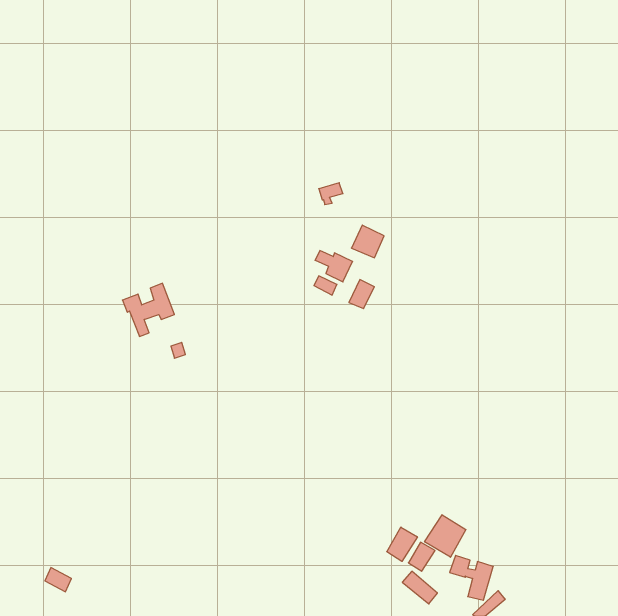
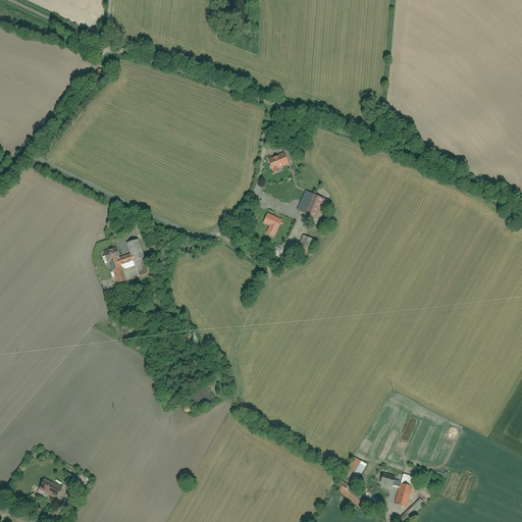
building: [425,515,466,557] -> none
building: [387,527,417,561] -> none

